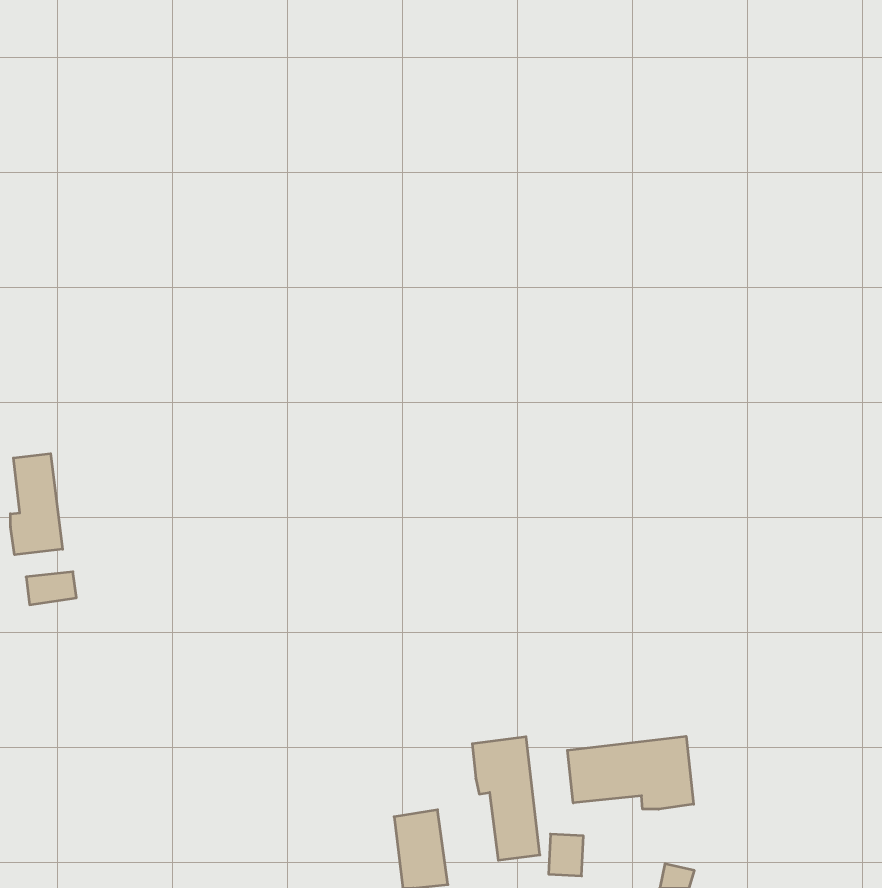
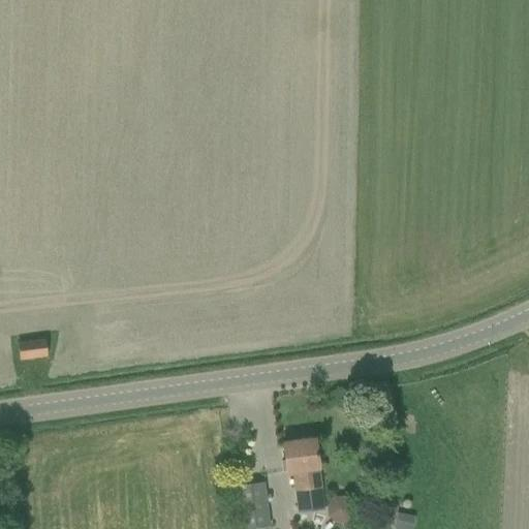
building: [10,454,63,555] -> none
building: [567,736,694,809] -> none

